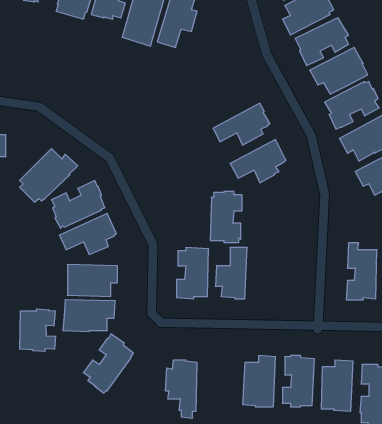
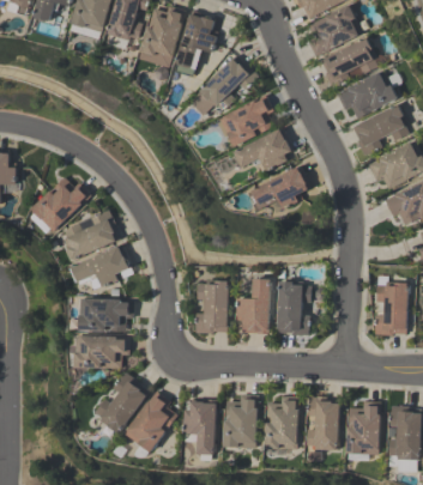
building: none -> [189,55,258,115]
building: none -> [216,96,273,147]
building: [210,192,242,243] -> [277,281,310,335]
building: [20,309,56,351] -> none
building: none -> [126,390,179,454]
building: none -> [224,393,258,447]

